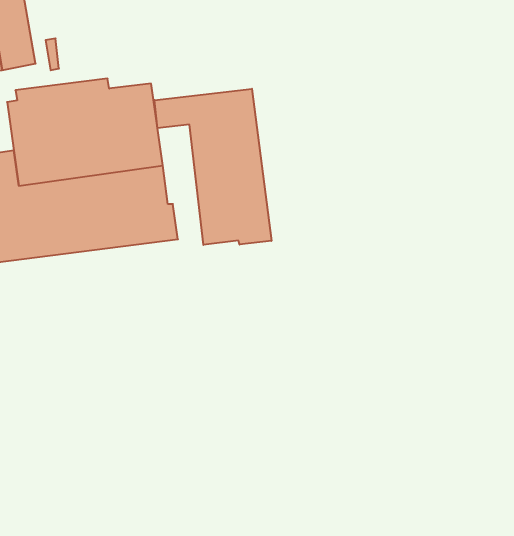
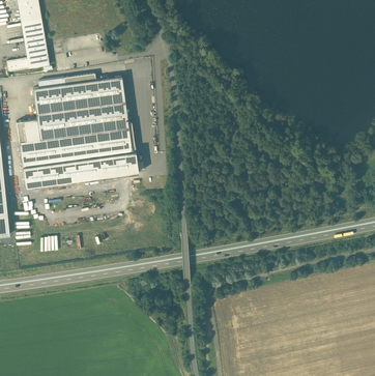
building: [155,89,271,245] -> none

